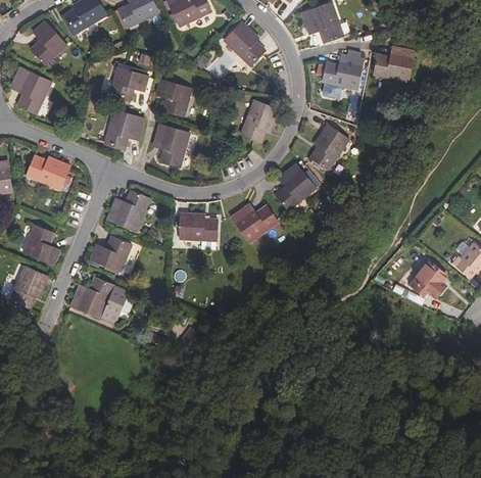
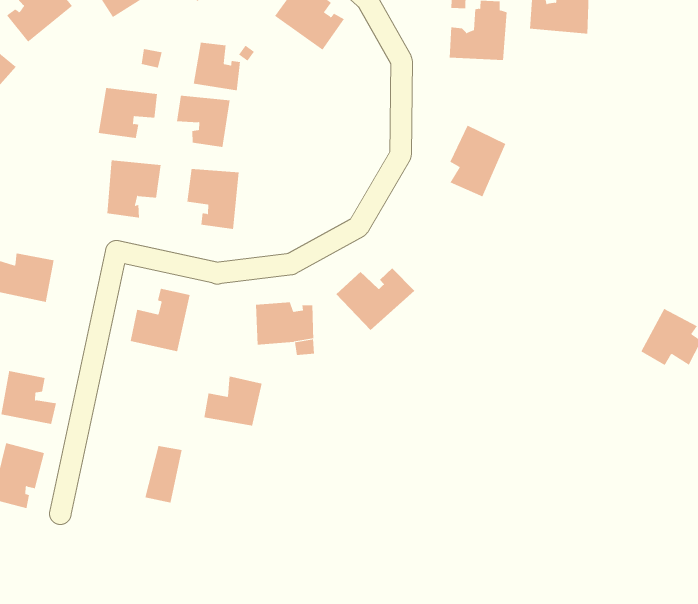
building: none -> [193,42,241,91]
building: [240,102,277,144] -> none
building: [278,163,317,209] -> none
building: [89,238,128,271] -> [203,376,262,426]
building: [69,279,111,317] -> none

